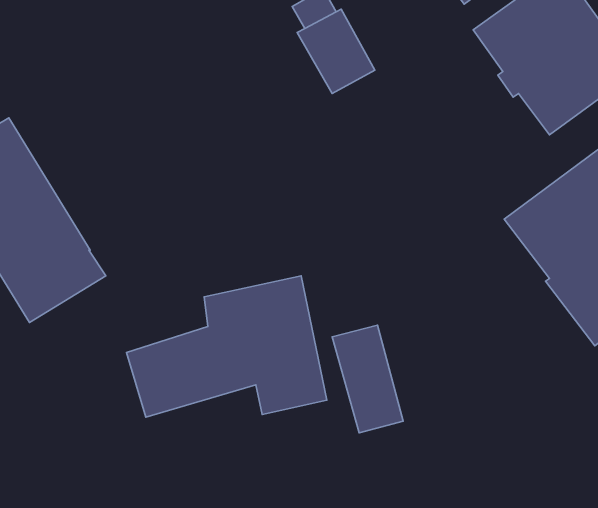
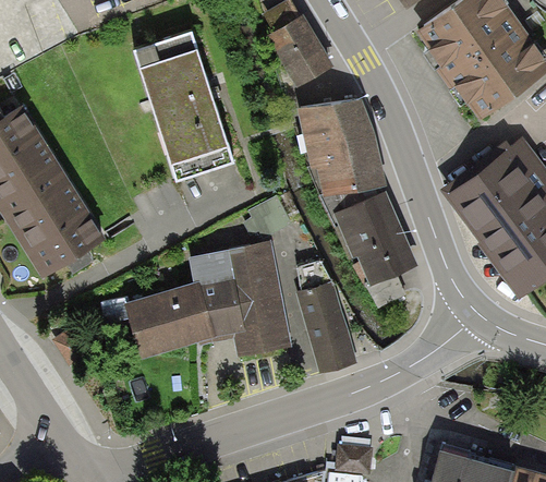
building: none -> [133,33,235,184]
building: none -> [298,101,388,200]
building: none -> [335,193,418,288]

